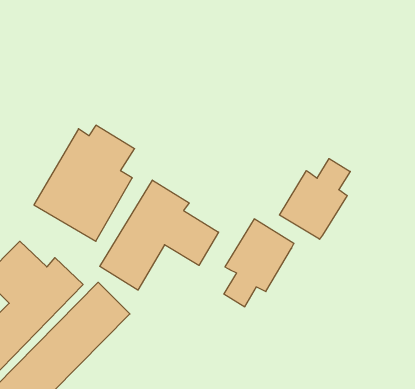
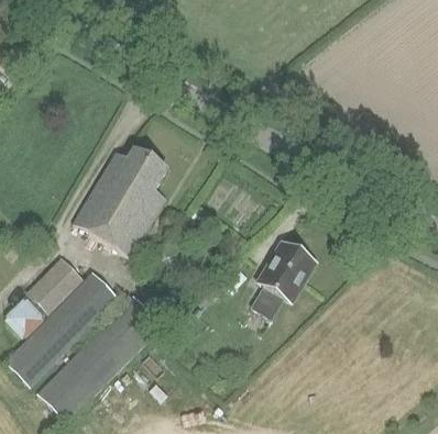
building: [279,159,350,239] -> none
building: [100,180,219,290] -> none

